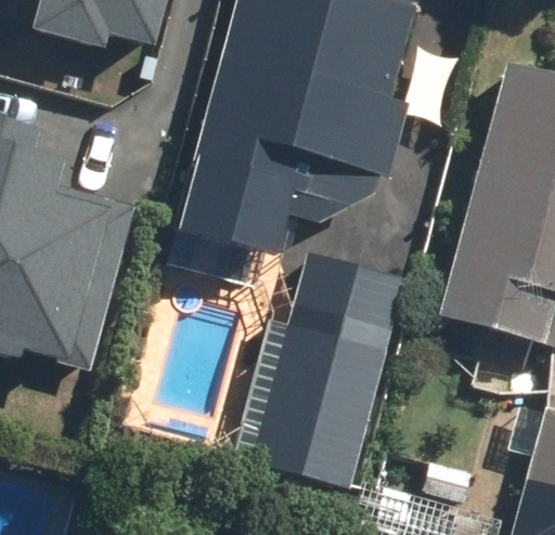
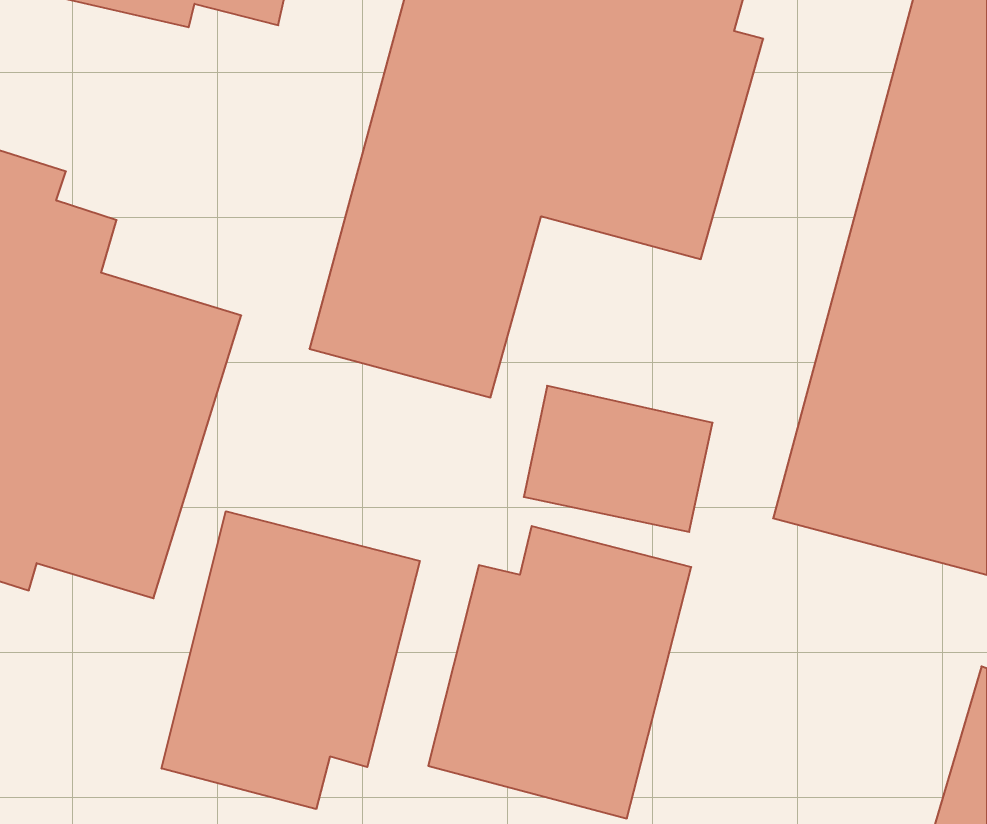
building: none -> [162,511,420,809]

